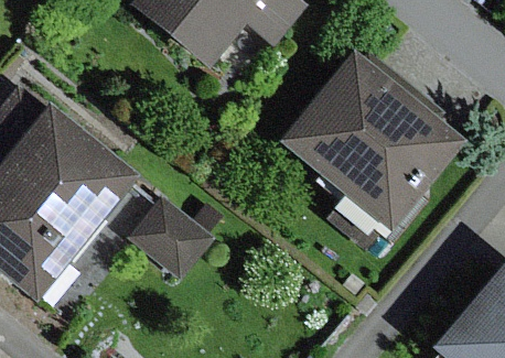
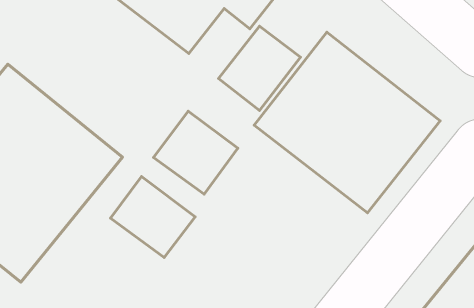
building: none -> [219,26,300,110]
building: none -> [154,111,238,194]

